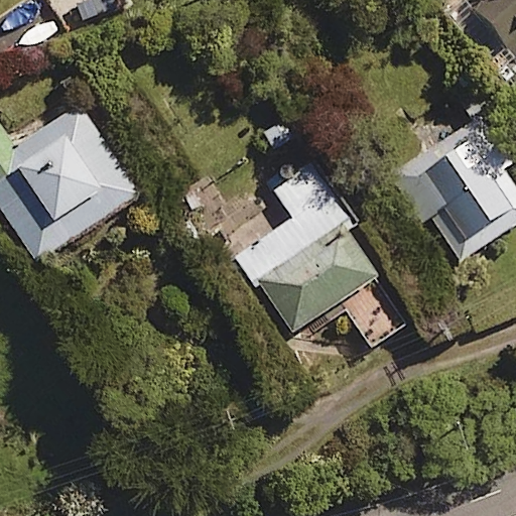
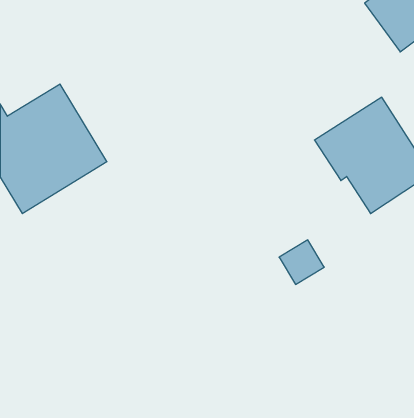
building: [240,156,379,335] -> none

